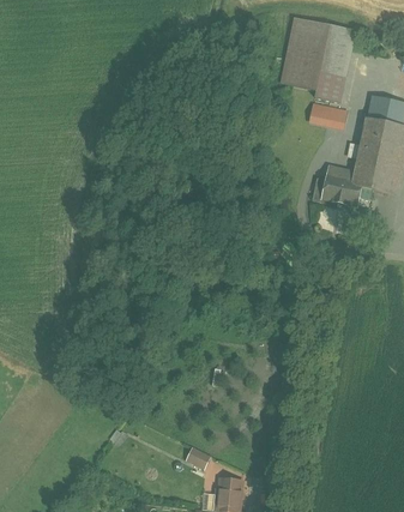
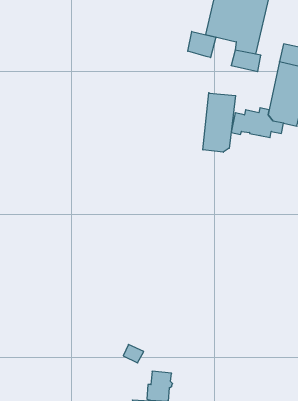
building: none -> [188,31,216,58]
building: none -> [203,93,236,152]

